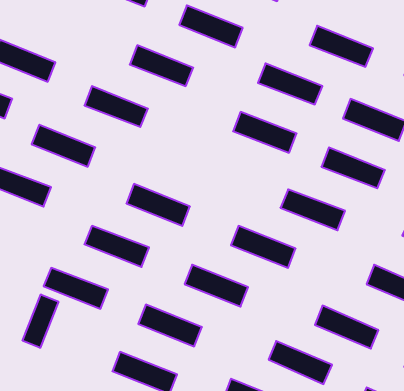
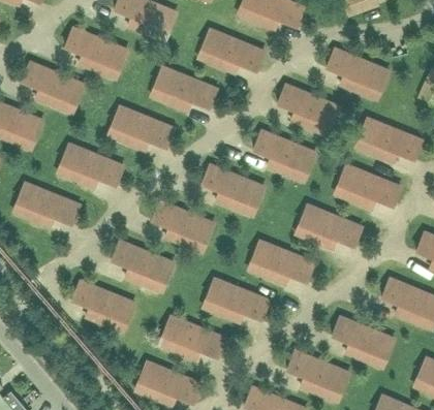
building: none -> [64,31,126,70]
building: none -> [202,166,264,207]
building: [23,294,58,348] -> none

